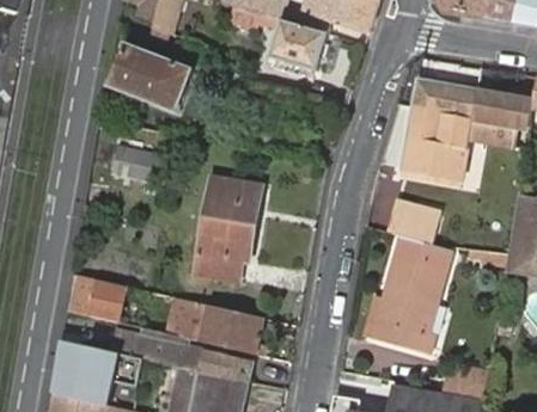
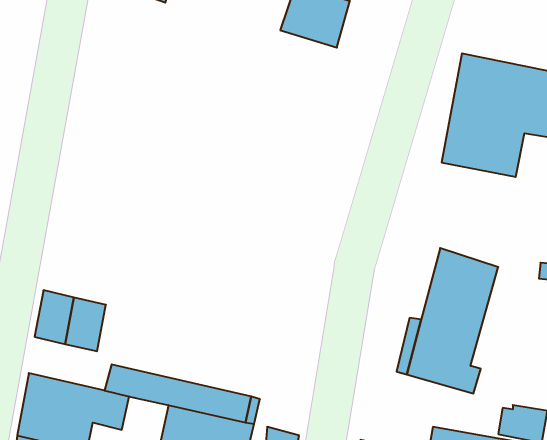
building: [108,43,191,109] -> none
building: [109,146,164,182] -> none
building: [194,178,261,279] -> none
building: [395,204,445,245] -> none
building: [169,297,263,357] -> none

